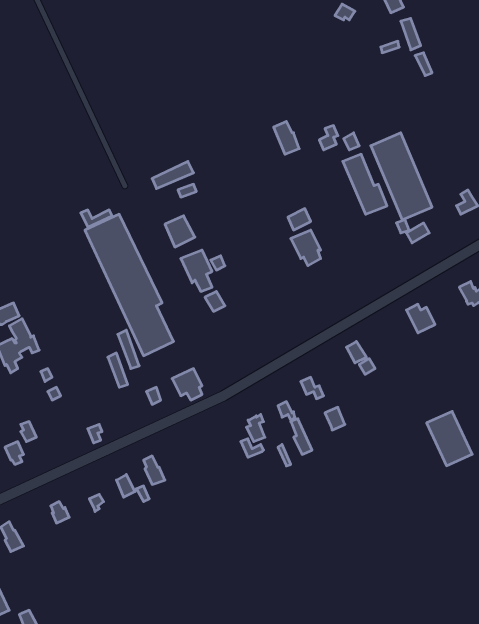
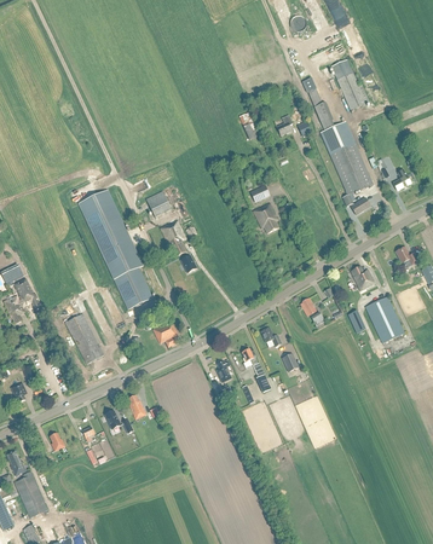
building: [343,154,387,214] -> [331,59,369,110]
building: none -> [65,313,104,363]
building: [427,411,472,466] -> [365,296,404,342]
building: none -> [15,471,48,517]

